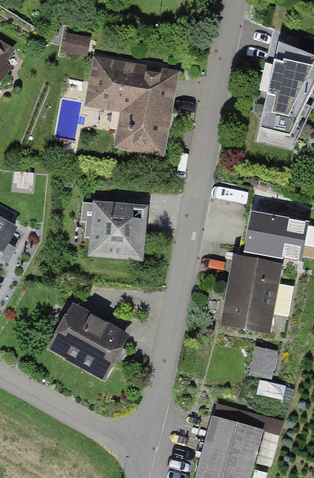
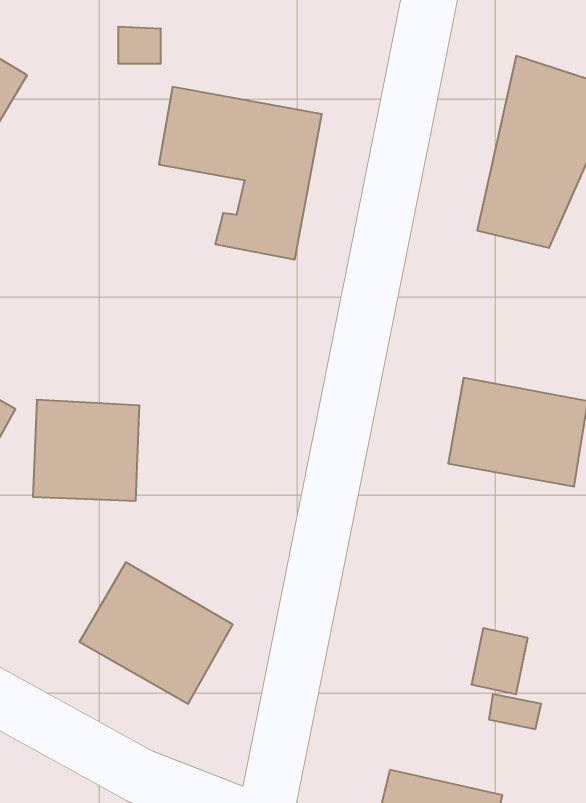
building: [92,205,147,257] -> [33,400,140,501]
building: [221,255,281,333] -> none

